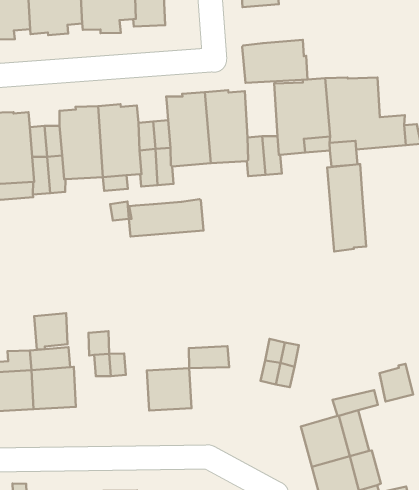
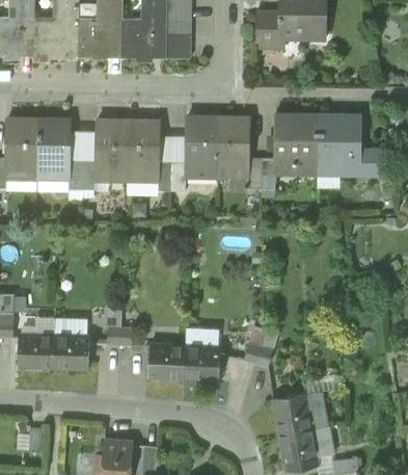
building: [242,40,308,83] -> none
building: [327,164,366,252] -> none
building: [129,199,203,237] -> none
building: [34,313,67,349] -> none
building: [379,364,413,402] -> none
building: none -> [184,344,220,379]

